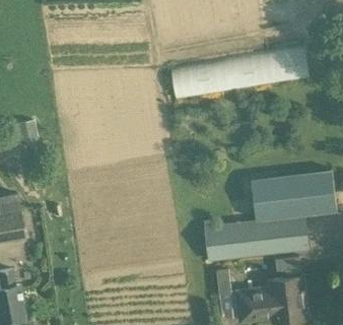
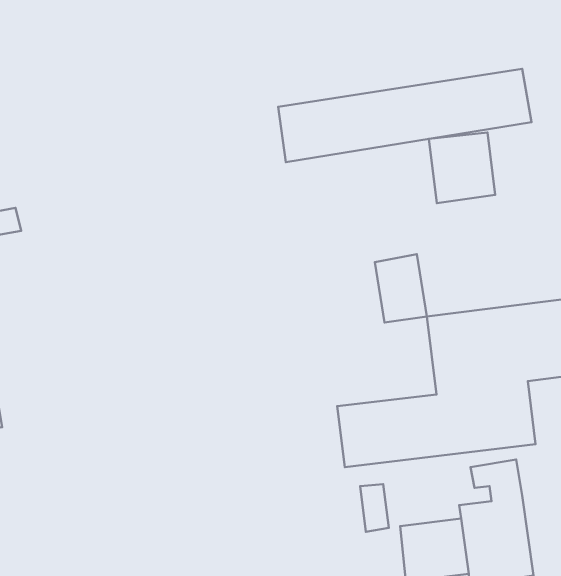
building: none -> [429,132,495,203]
building: none -> [375,254,427,322]

